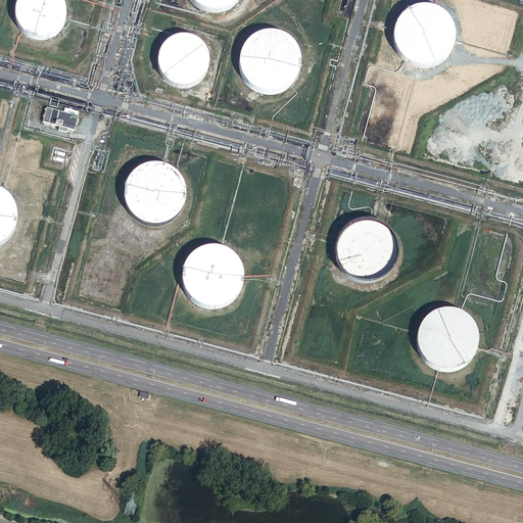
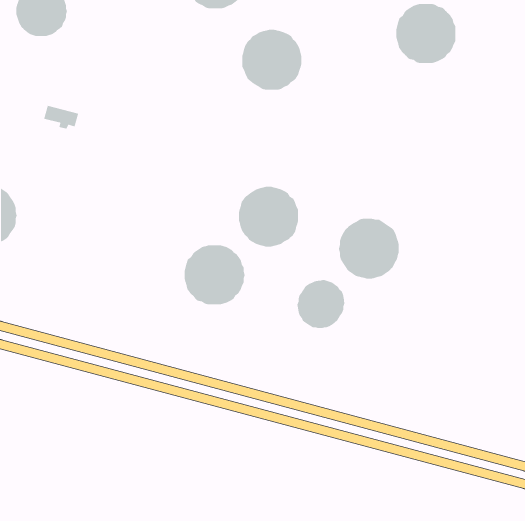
building: [156,33,208,85] -> none
building: [126,161,186,223] -> [238,186,299,247]
building: none -> [297,279,345,329]
building: [417,306,478,367] -> none

